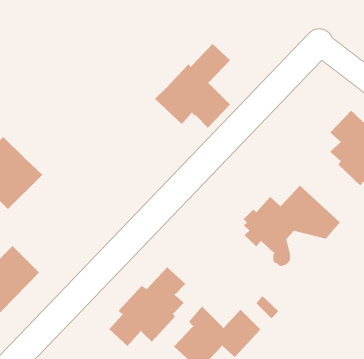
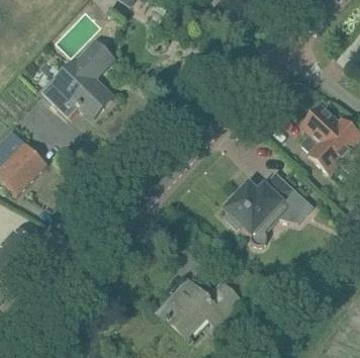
building: [154,43,231,128] -> [44,42,112,118]
building: [109,266,186,347] -> none

